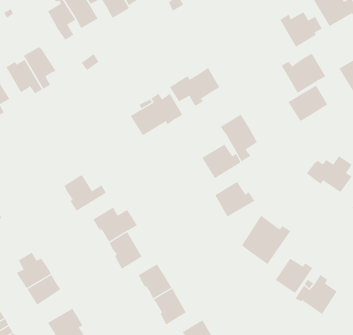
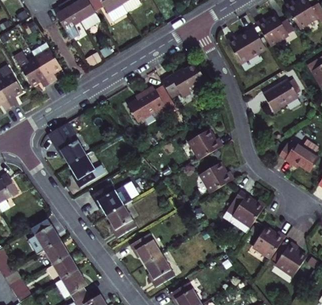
building: [281,53,326,93] -> [226,28,265,63]
building: [220,114,258,162] -> none
building: none -> [48,123,85,165]
building: none -> [46,254,77,283]

